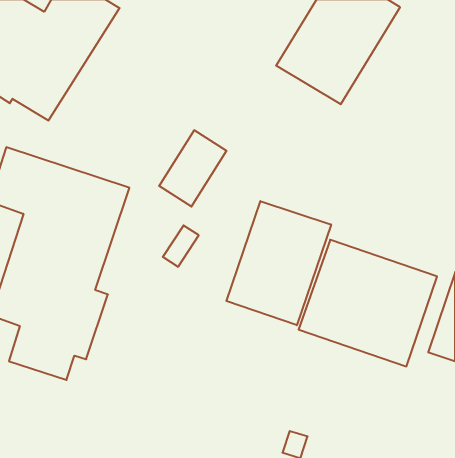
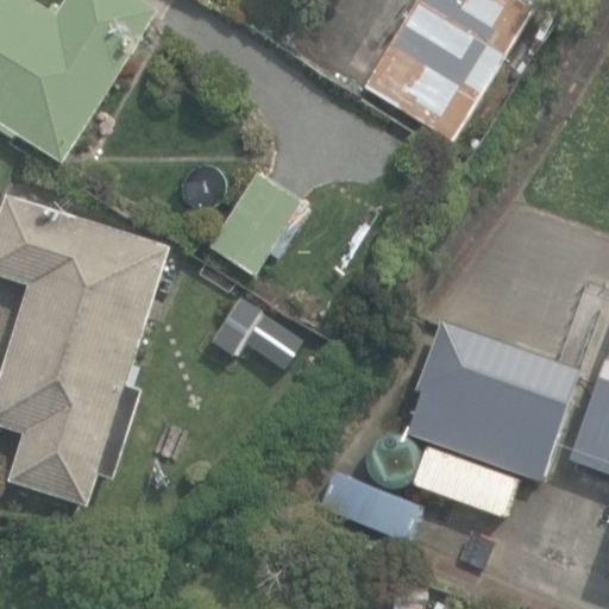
building: [226,201,331,325] -> none

